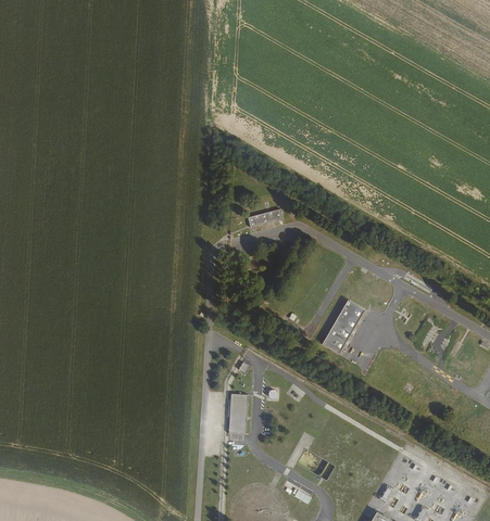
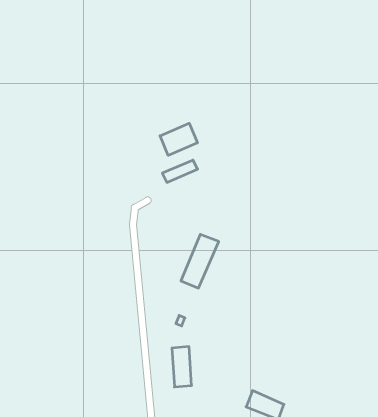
building: none -> [160,123,197,155]
building: [321,301,364,354] -> [181,234,219,288]

